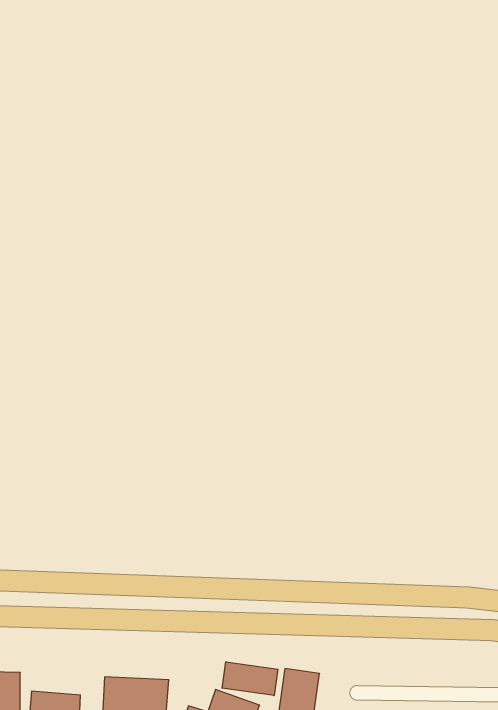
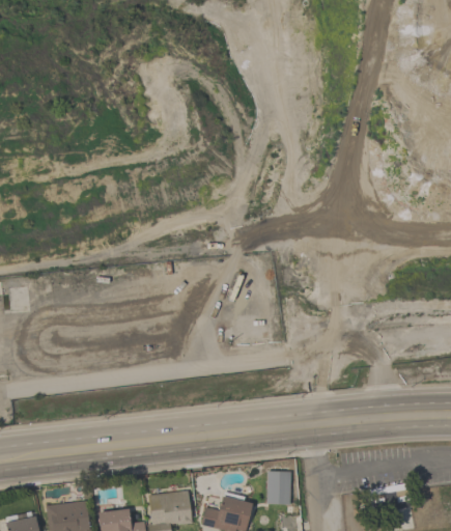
building: [222,662,278,696] -> none

